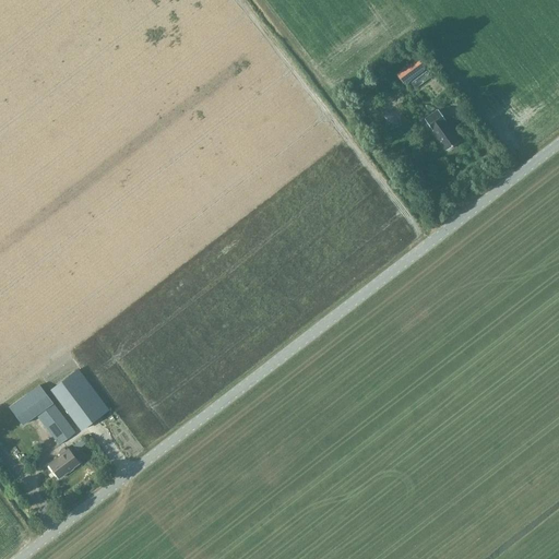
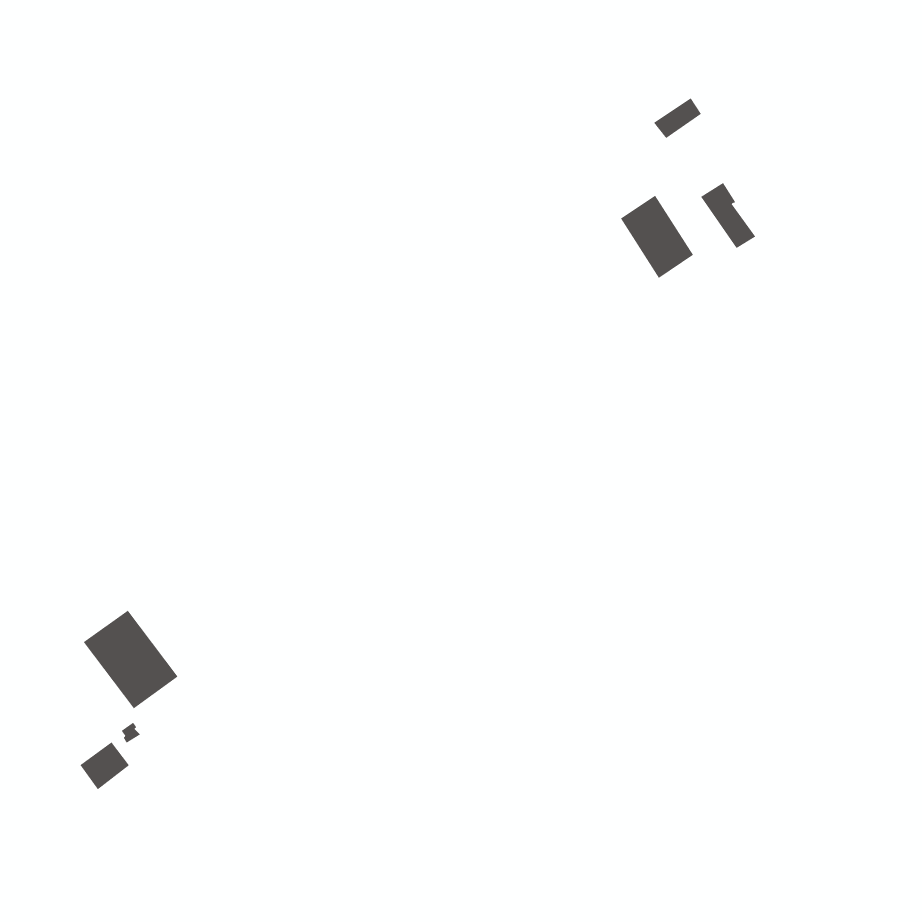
building: none -> [620,195,694,279]
building: [9,384,75,444] -> none

